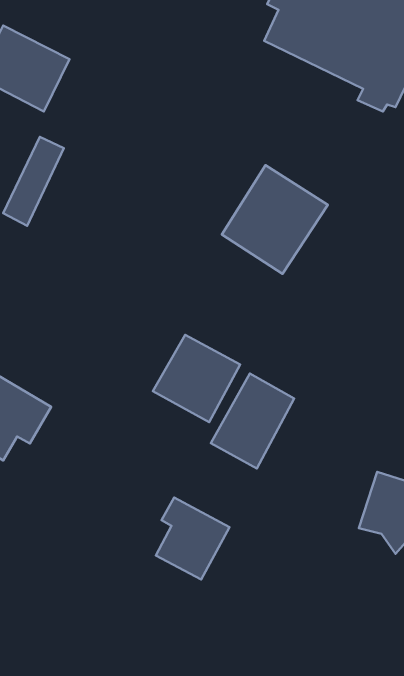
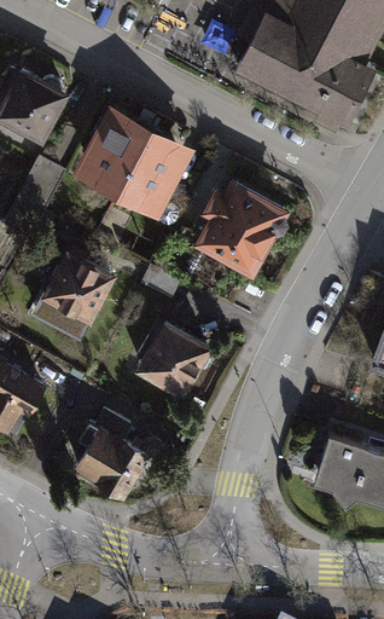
building: none -> [78,98,196,209]
building: none -> [29,254,116,351]
building: [211,373,294,468] -> none
building: [156,498,229,579] -> [75,423,138,493]

